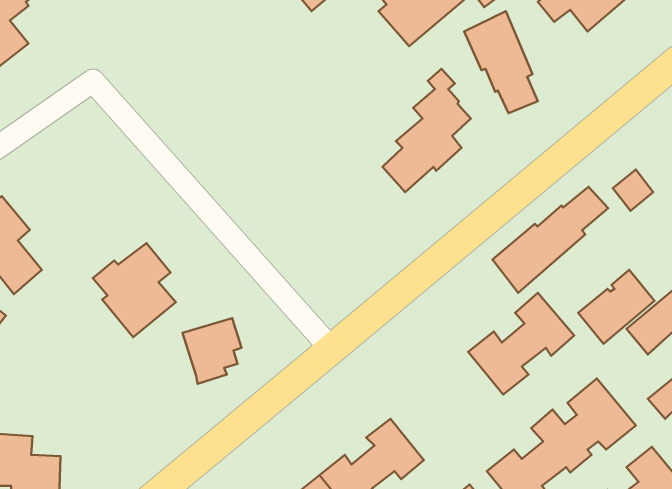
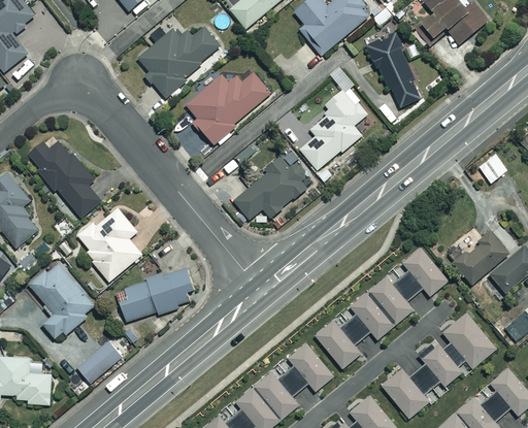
building: none -> [138,26,220,97]
building: none -> [186,71,270,145]
building: none -> [28,140,101,217]
building: none -> [233,156,307,219]
building: [492,187,608,293] -> none
building: none -> [27,262,94,338]
building: none -> [120,281,157,321]
building: none -> [316,292,393,367]
building: none -> [76,340,122,383]

